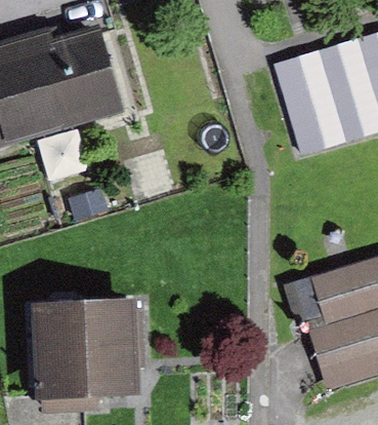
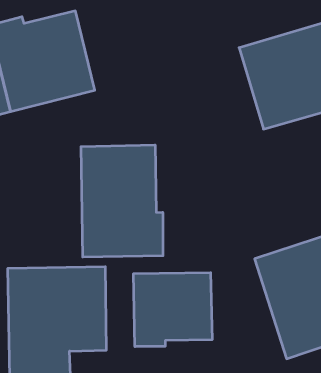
building: none -> [81,145,163,257]
building: none -> [134,273,212,347]

